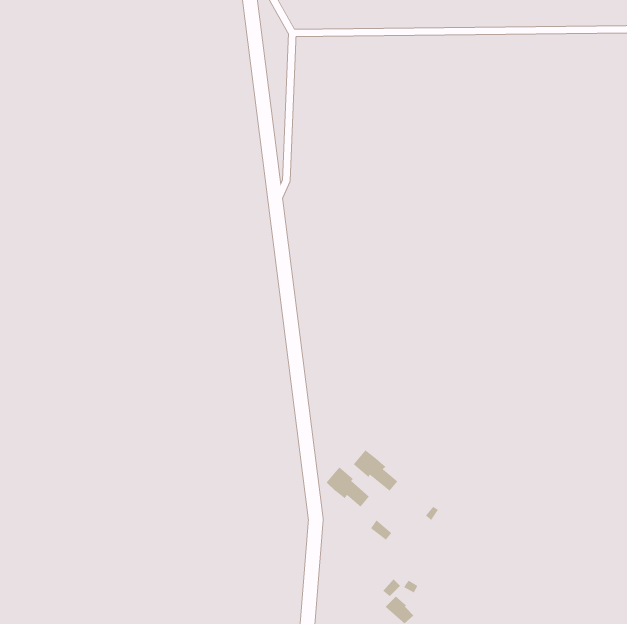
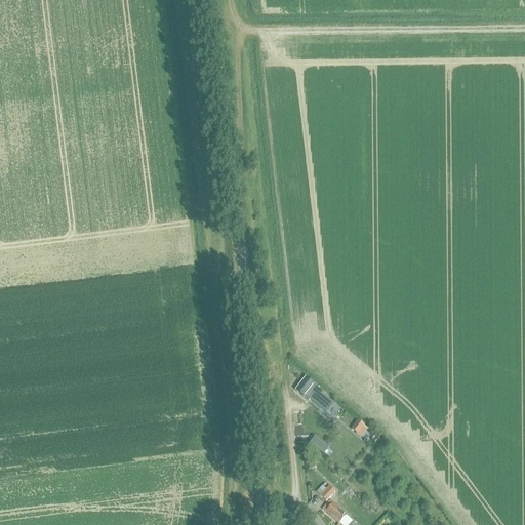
building: [326,467,369,508] -> none

